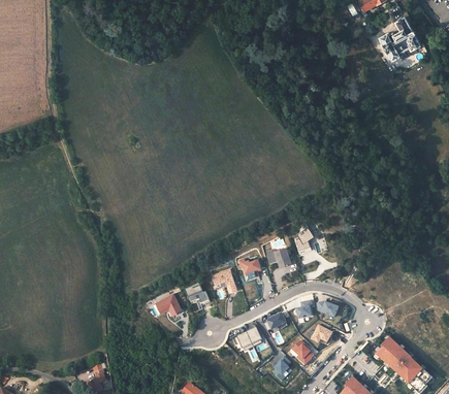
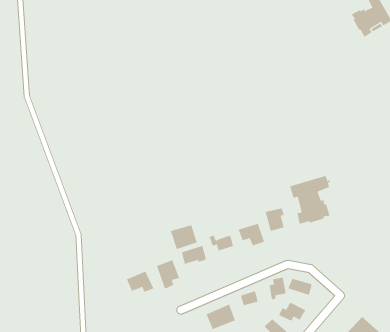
building: none -> [289,175,330,224]
building: none -> [170,225,197,250]

